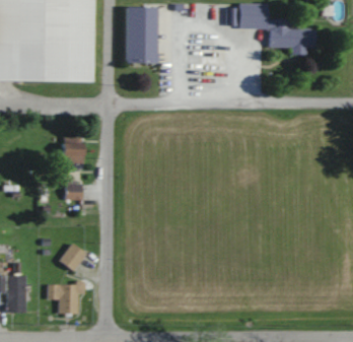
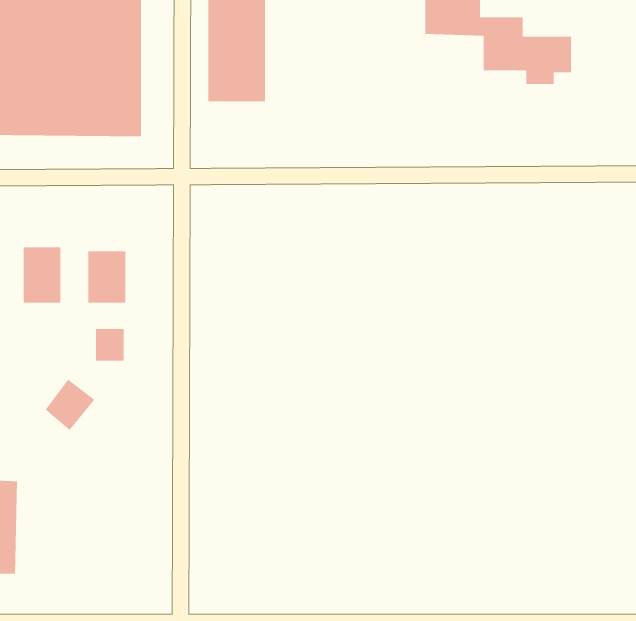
building: none -> [23,247,61,303]
building: [61,243,87,270] -> [45,379,95,431]
building: [50,282,86,313] -> none

